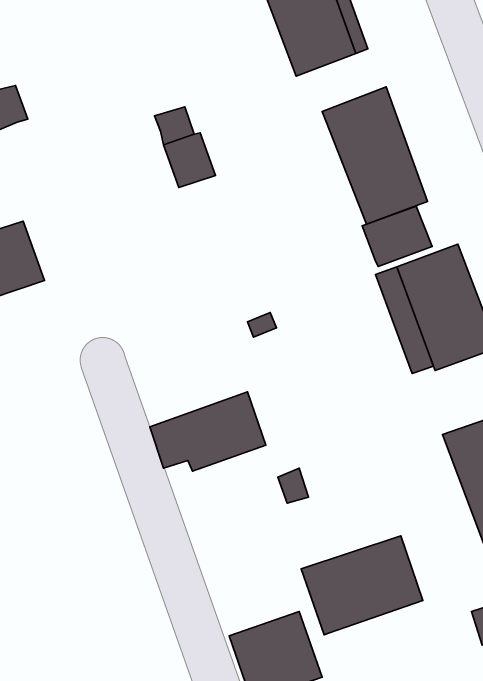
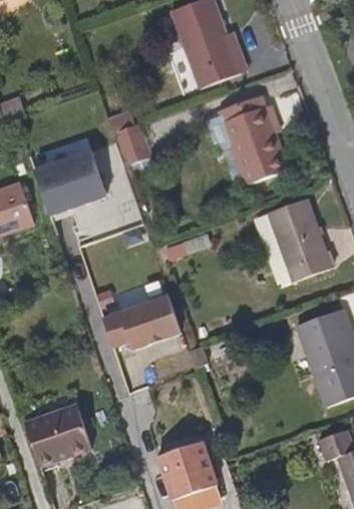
building: none -> [35,152,107,215]
building: [362,206,432,266] -> none
building: [301,536,423,635] -> none
building: none -> [26,406,91,466]

